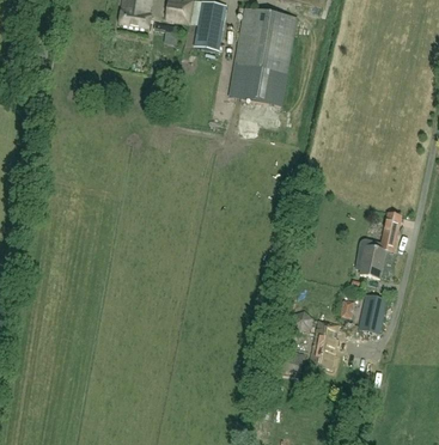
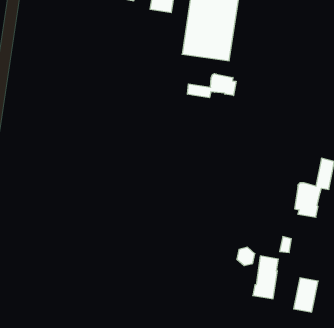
building: none -> [187,74,236,98]
building: [359,294,386,333] -> [294,278,318,312]

